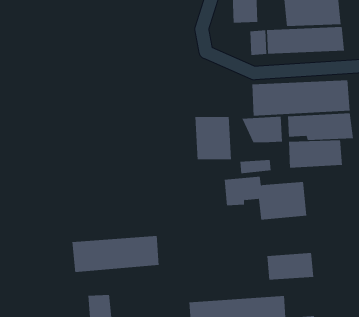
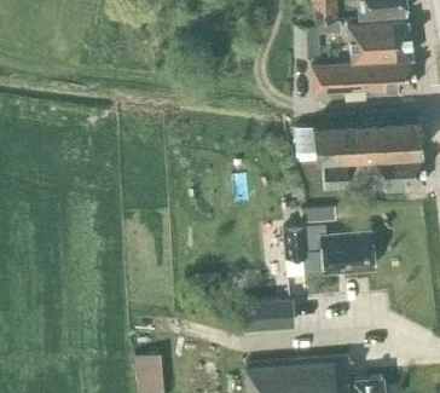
building: [195,116,232,160] -> none
building: [289,140,343,169] -> none
building: [72,235,159,273] -> none
building: [266,253,314,280] -> [242,300,294,330]

